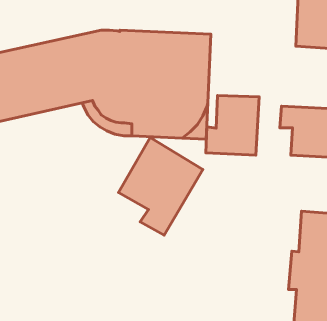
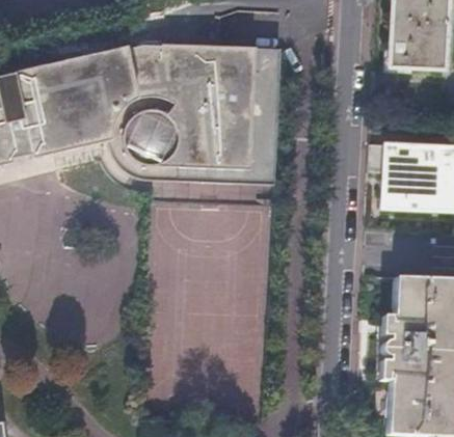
building: [206,95,259,155] -> none
building: [119,137,203,235] -> none

